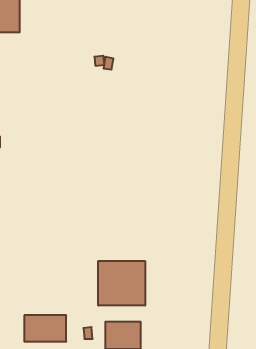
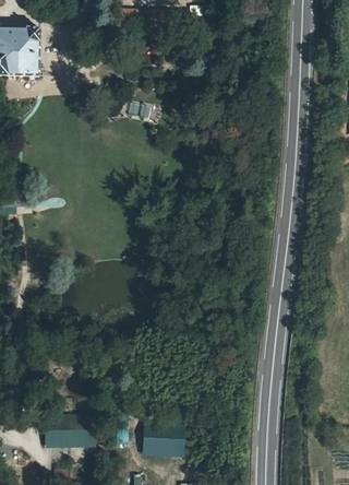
building: [98,261,145,306] -> none

